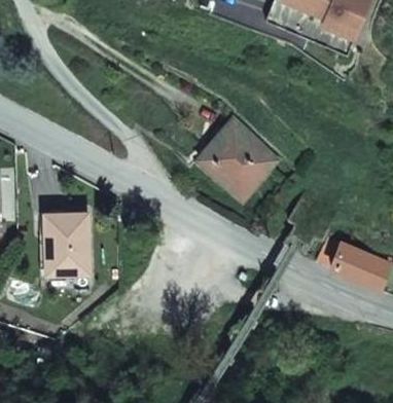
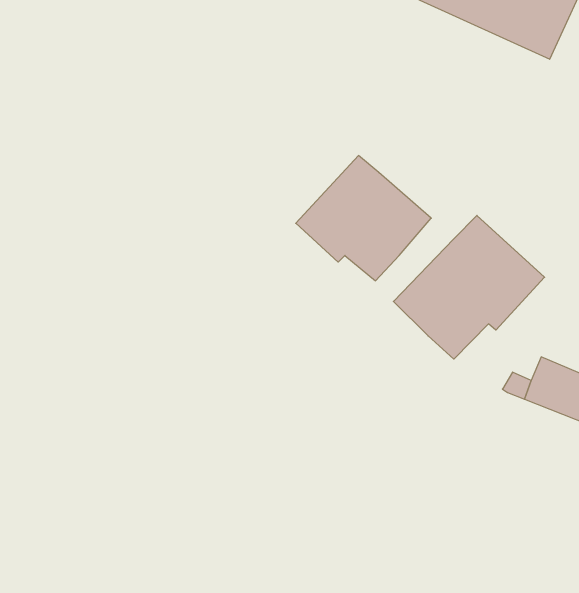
building: none -> [393,215,545,359]
building: [45,209,92,273] -> none

